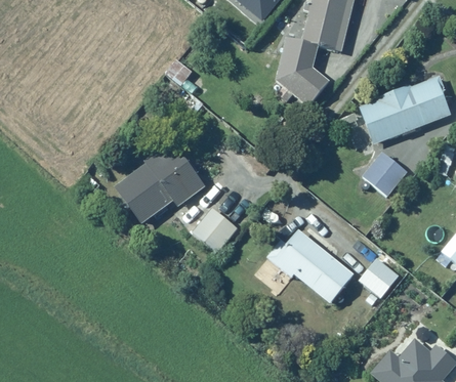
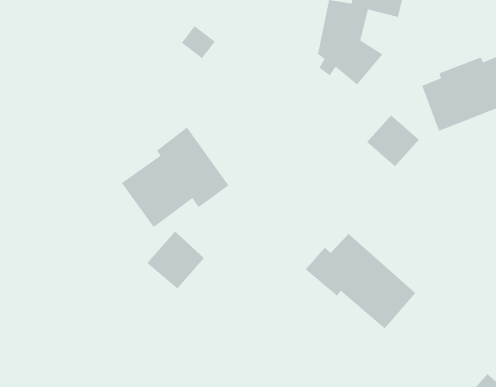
building: [362,152,406,195] -> [366,115,420,167]
building: [191,205,239,253] -> [146,231,205,290]
building: [359,255,401,297] -> none

